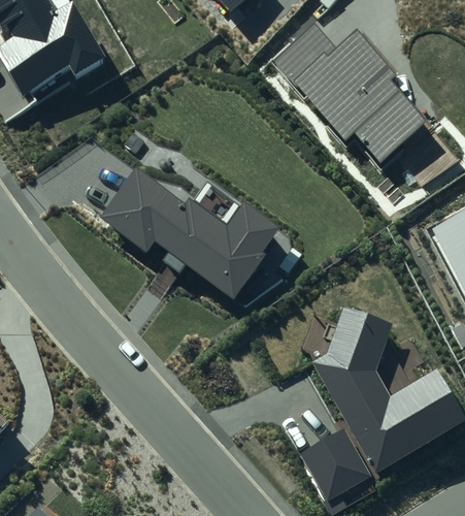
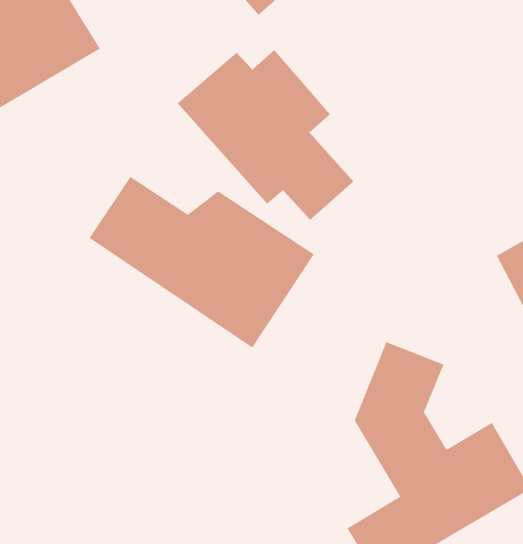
building: [269,17,419,161] -> [177,49,354,221]

